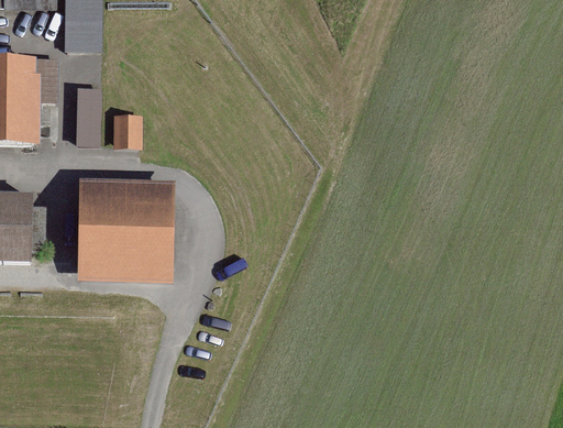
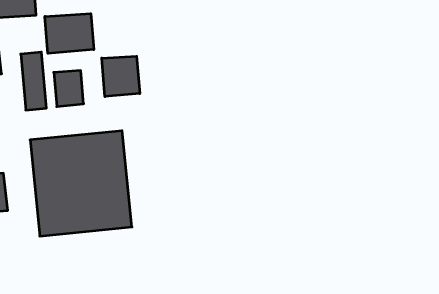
building: none -> [45,14,94,53]
building: none -> [102,56,140,97]

